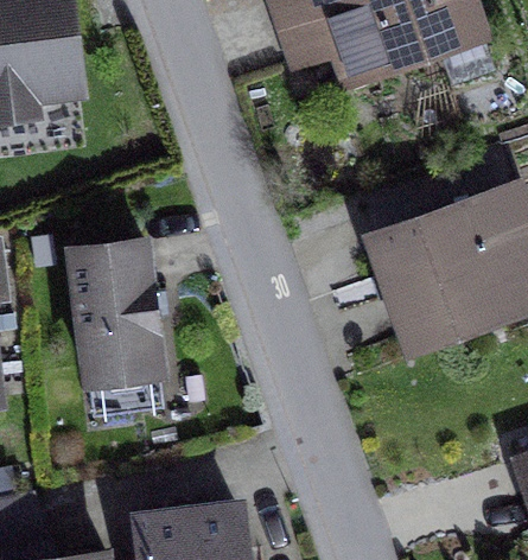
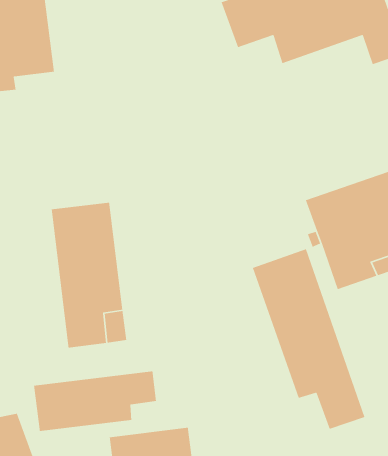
building: none -> [252,248,365,430]
building: none -> [33,371,157,432]

